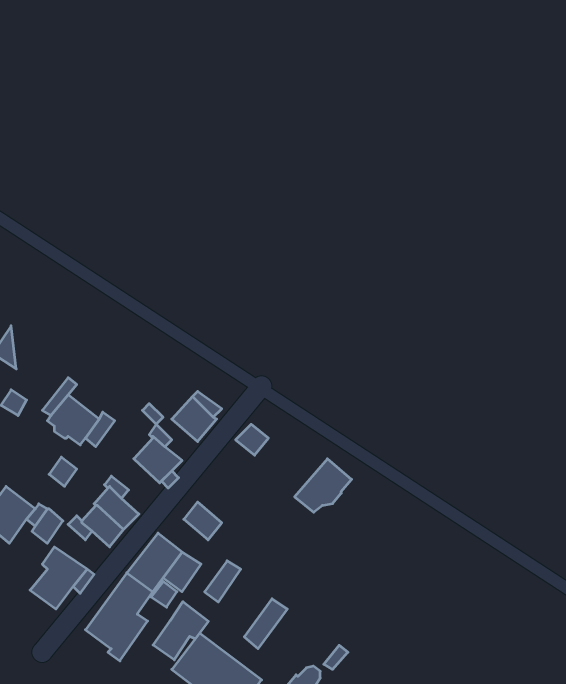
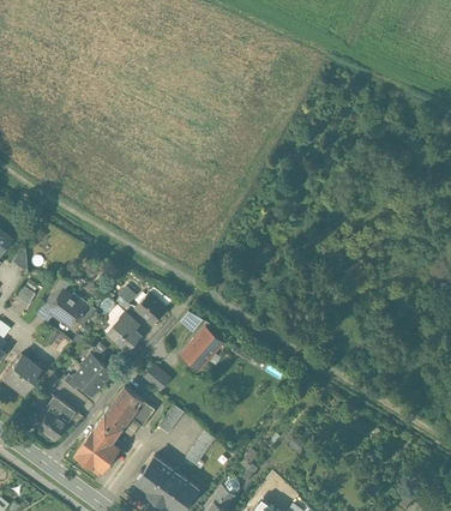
building: [295,459,352,512] -> [181,330,221,367]
building: [153,602,208,660] -> none

